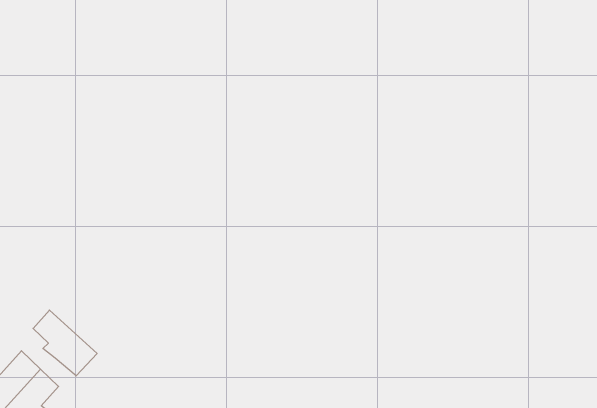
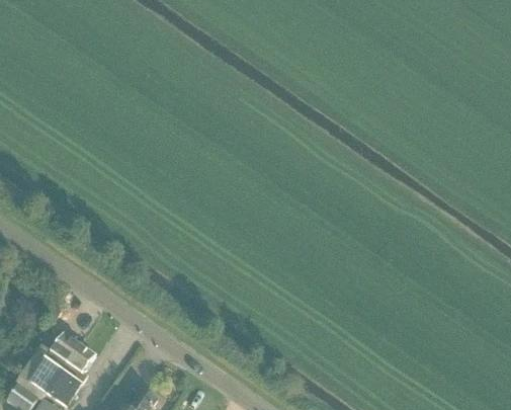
building: [33,310,97,376] -> none

